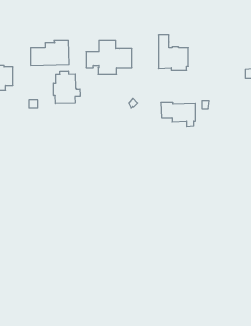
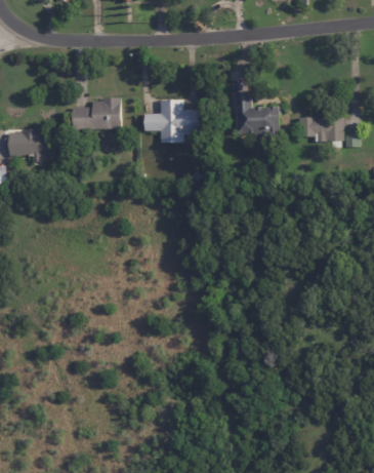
building: [53,71,80,104] -> none
building: [161,103,195,127] -> [300,117,344,148]

